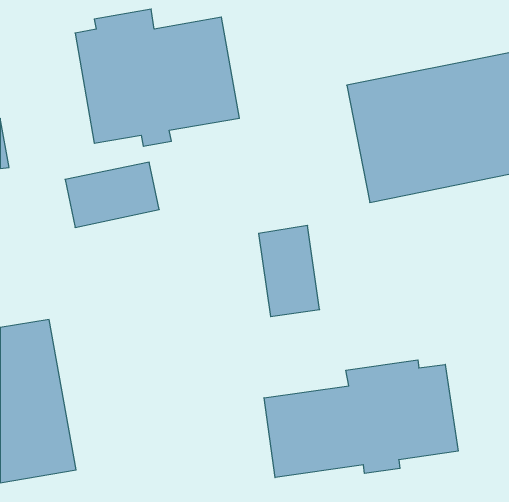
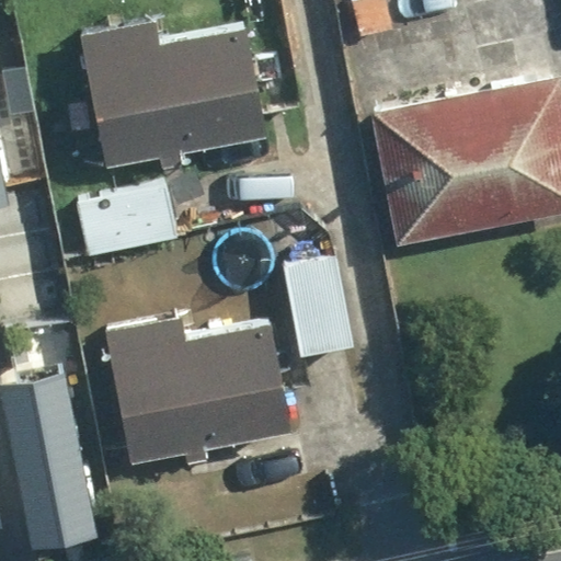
building: none -> [104,318,291,459]
building: [264,360,458,478] -> none

